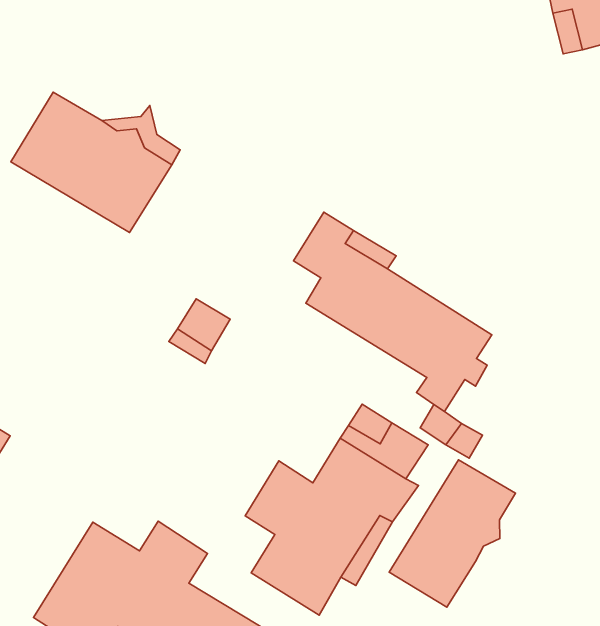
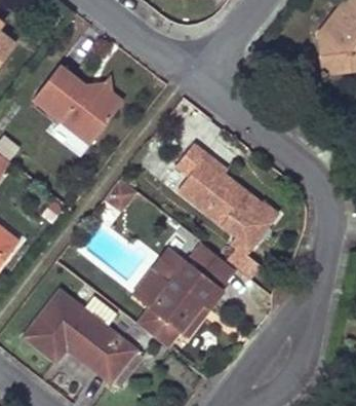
building: [389,460,516,607] -> none

